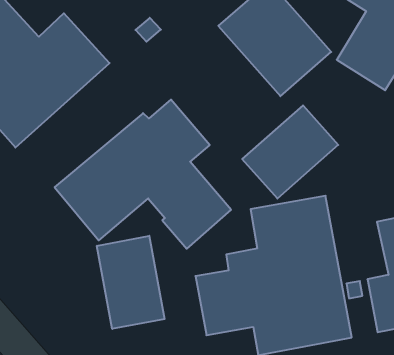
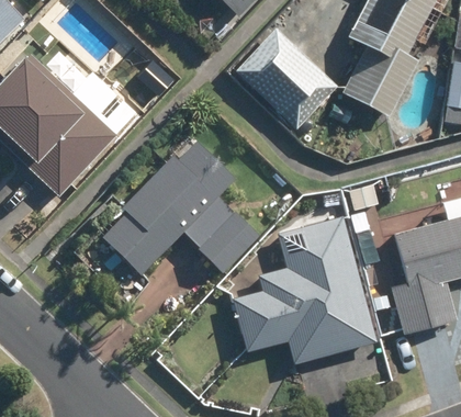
building: [242,105,338,199] -> none
building: [97,236,165,329] -> none

